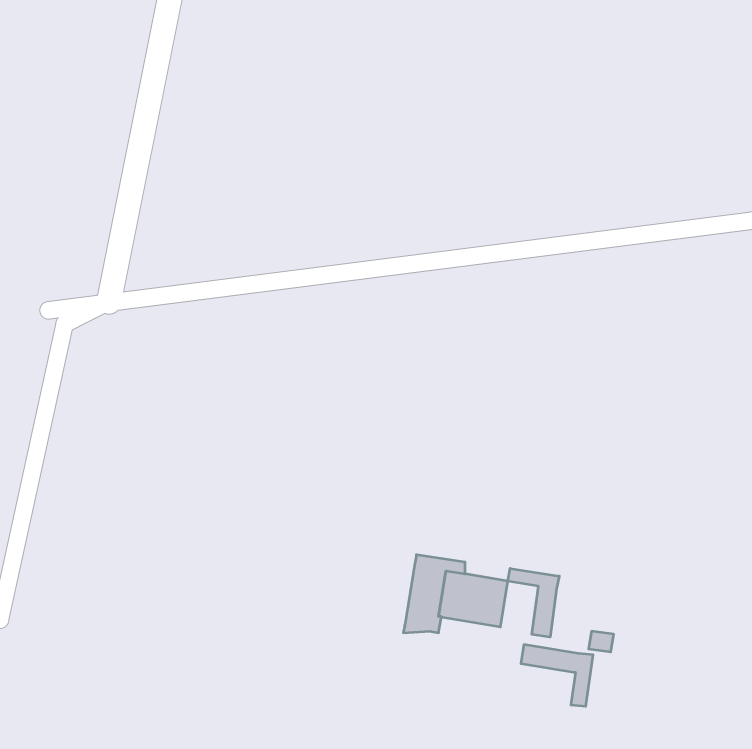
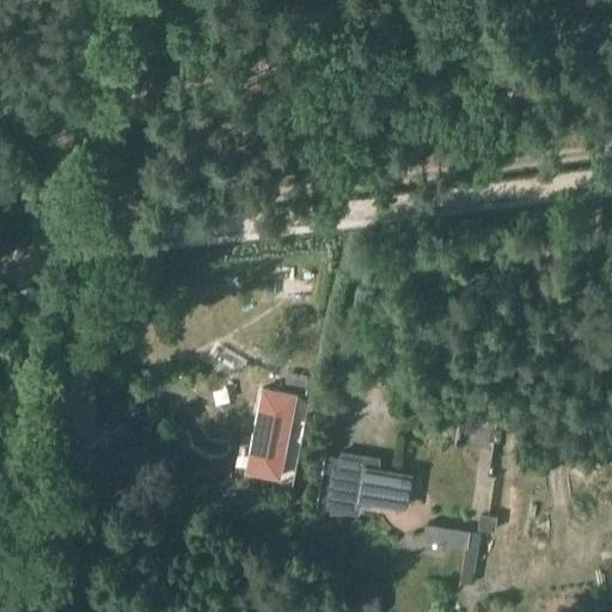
building: none -> [244,388,298,481]
building: [508,568,559,637] -> none

